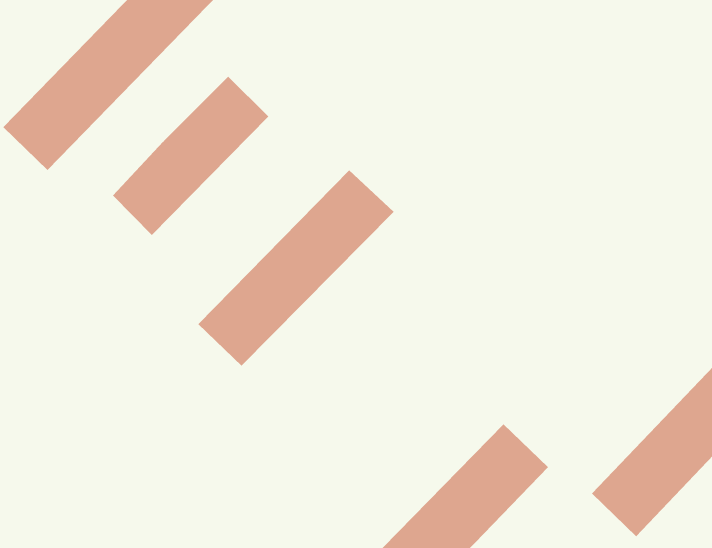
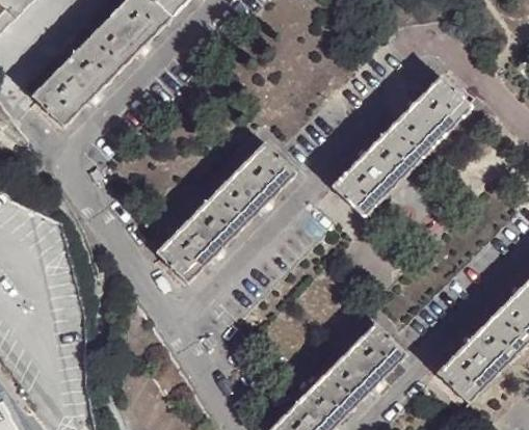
building: [112,76,269,236] -> none
building: none -> [332,76,471,216]

